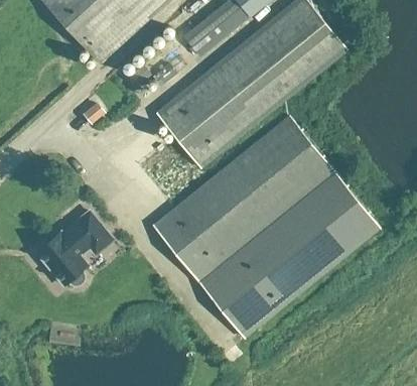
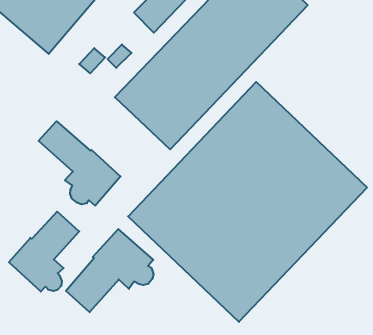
building: none -> [39,121,121,206]
building: none -> [66,229,154,312]

